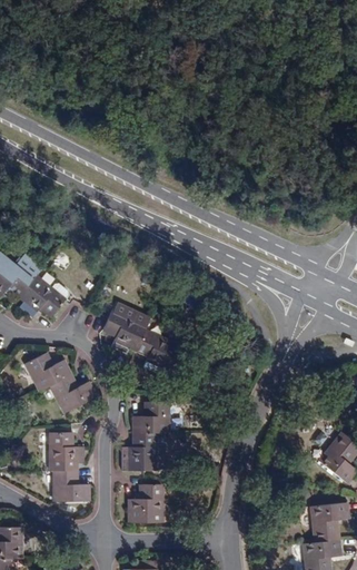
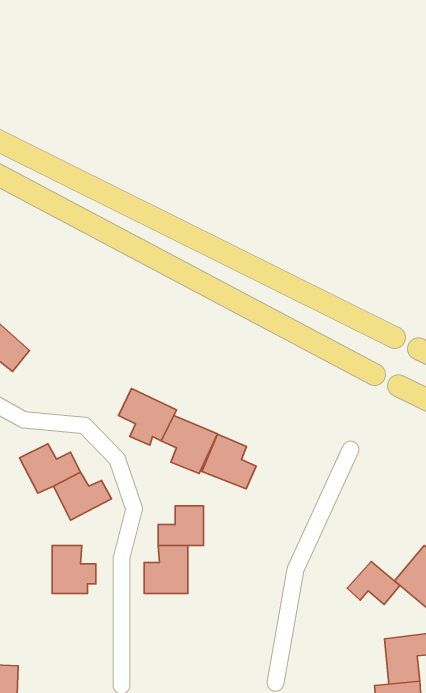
building: [18,274,65,316] -> none
building: none -> [202,434,256,489]
building: none -> [347,561,400,605]
building: [52,470,90,500] -> none
building: [128,483,162,522] -> none

